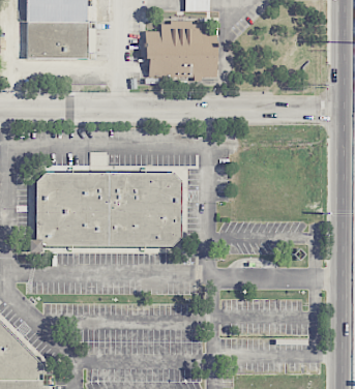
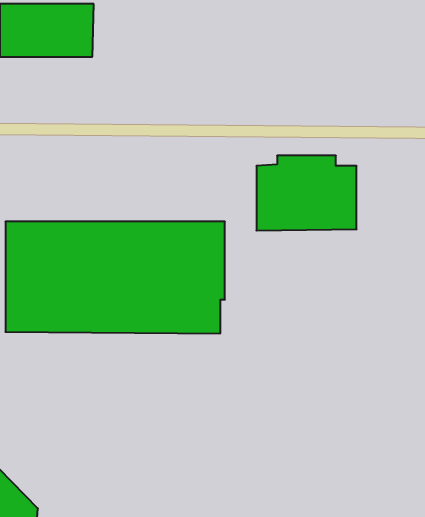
building: [145,23,215,76] -> [256,156,357,231]

